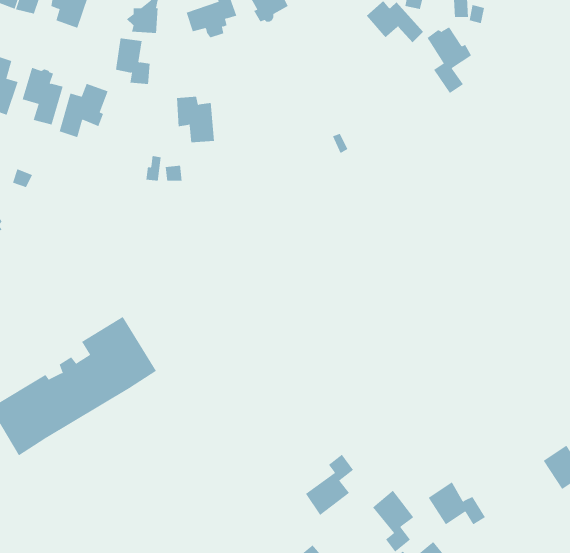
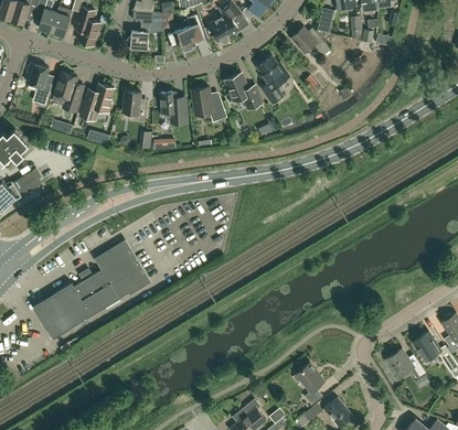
building: [427,26,472,94] -> [257,57,288,104]
building: [115,38,151,84] -> [123,90,147,122]
building: none -> [225,74,263,110]
building: none -> [191,87,227,122]
building: [305,454,354,516] -> none
building: [428,482,486,525] -> [386,350,426,379]

